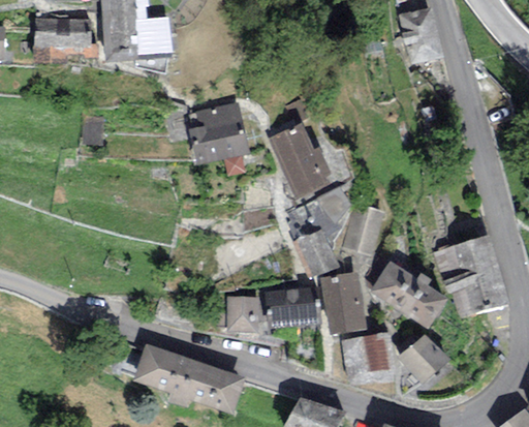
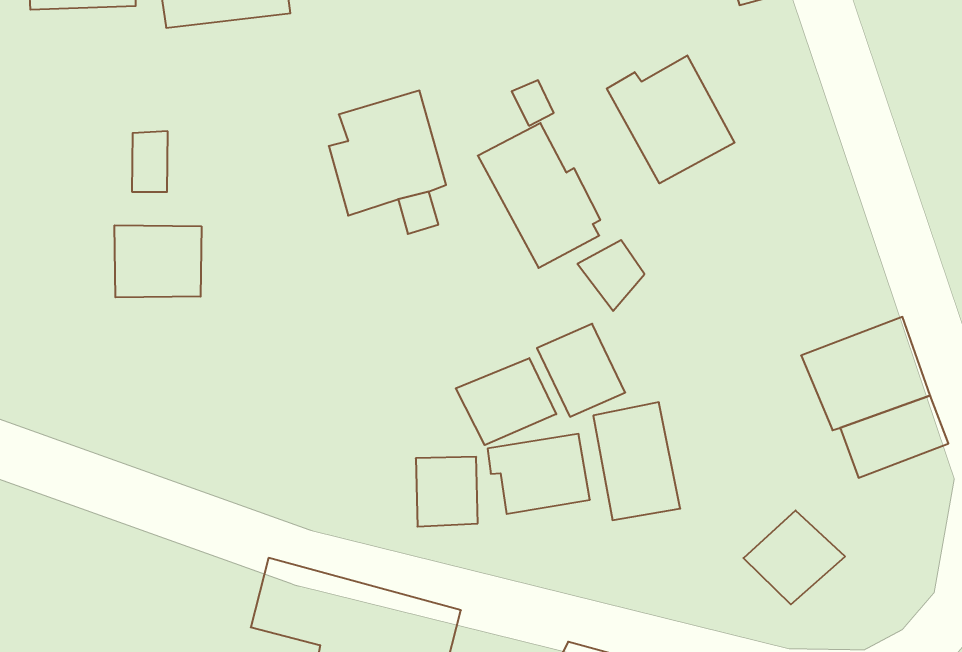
building: none -> [607,55,735,183]
building: none -> [115,225,201,297]
building: [343,204,385,255] -> none
building: none -> [456,358,556,445]
building: [369,261,446,329] -> none
building: [341,333,395,376] -> none

